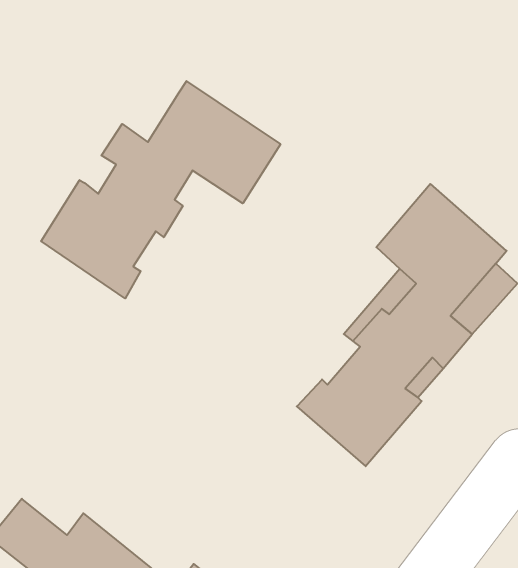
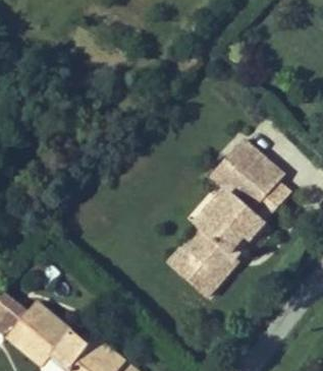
building: [41,81,280,298] -> none

